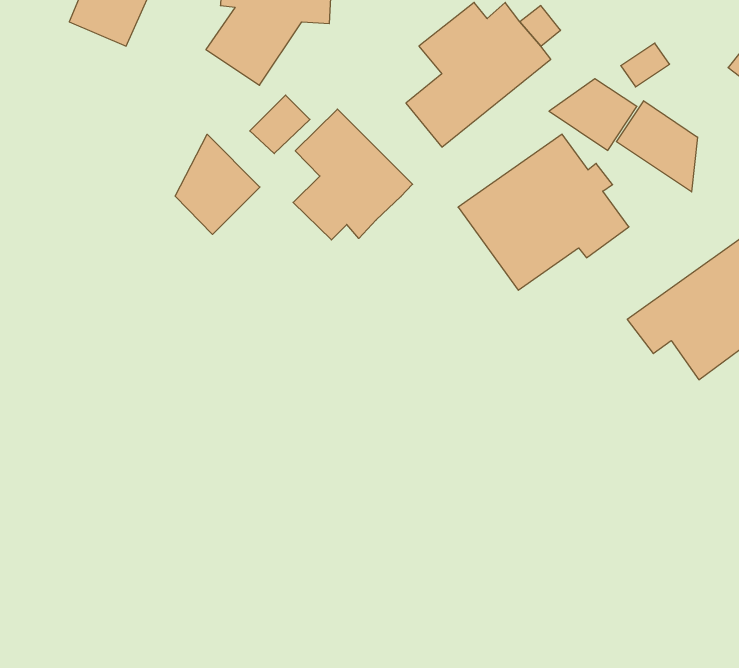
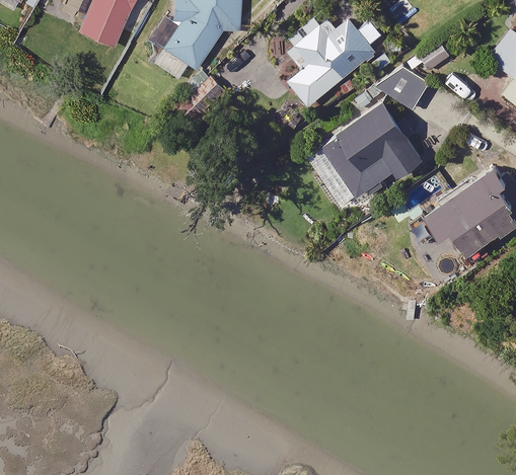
building: [616,101,698,192] -> none
building: [293,109,413,240] -> none
building: [175,134,260,234] -> none

